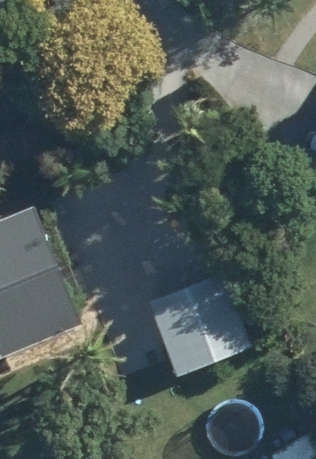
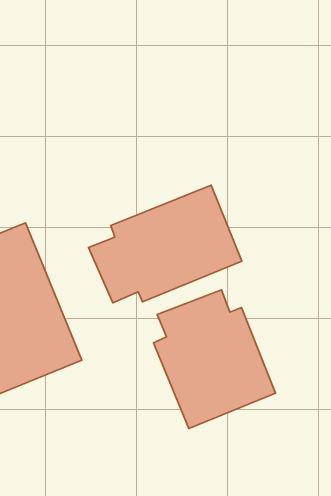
building: none -> [88,185,242,303]

